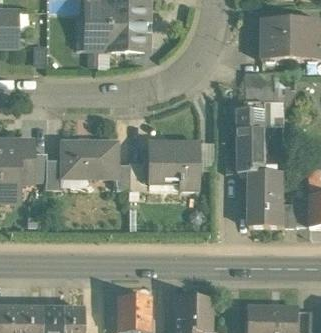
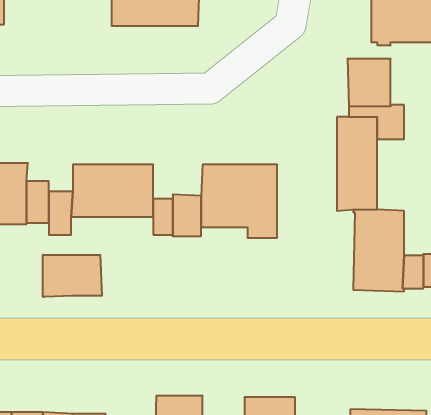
building: none -> [43,255,102,297]

